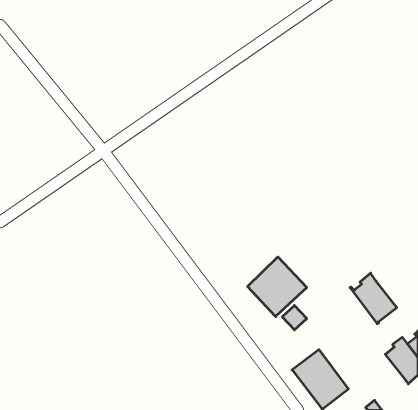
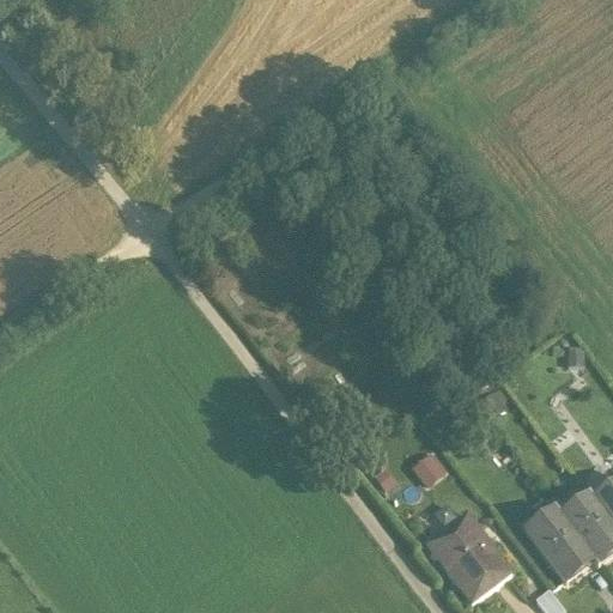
building: [248,257,307,317] -> none
building: [350,273,397,324] -> [526,508,594,582]

